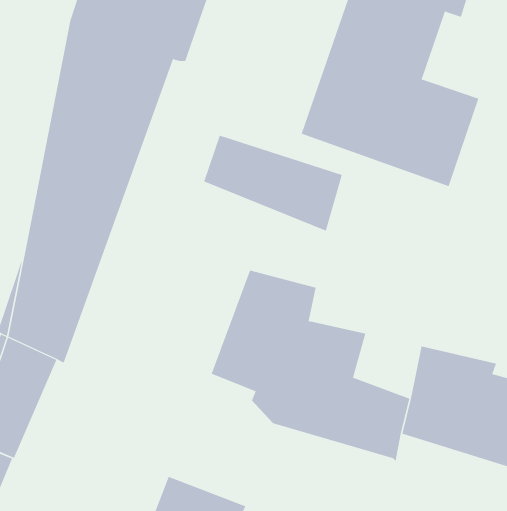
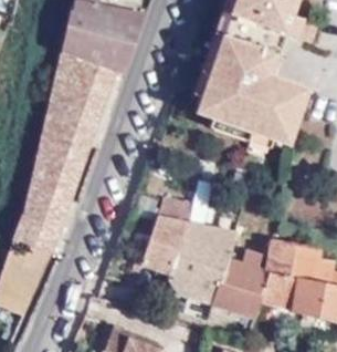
building: [204,135,343,231] -> none

